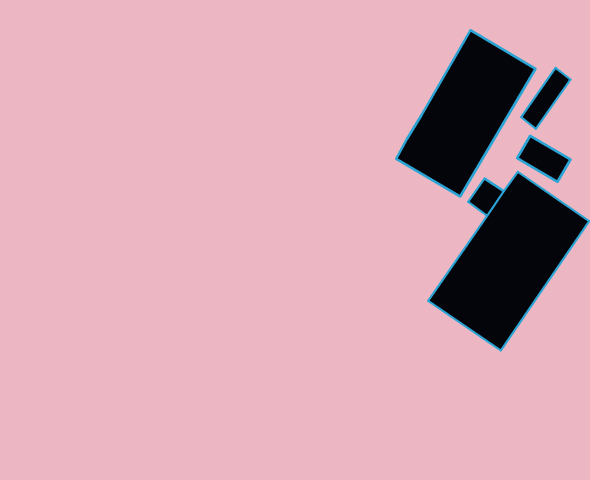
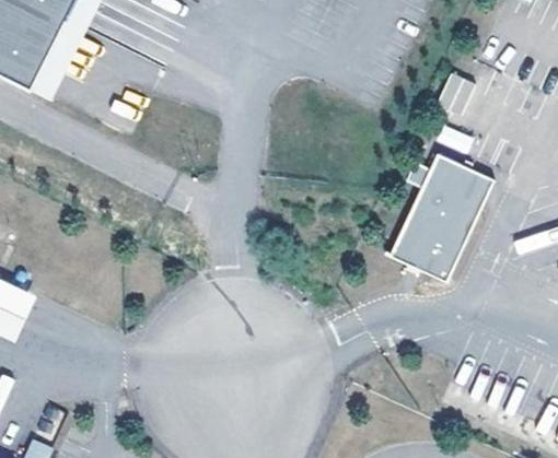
building: [396,30,536,196] -> none

